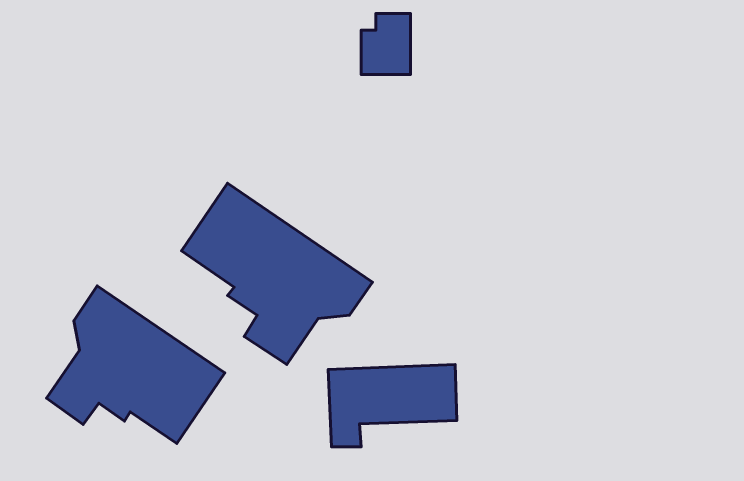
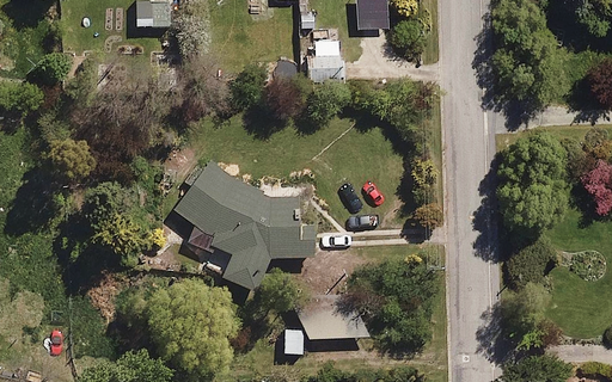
building: [47,286,225,443] -> none

